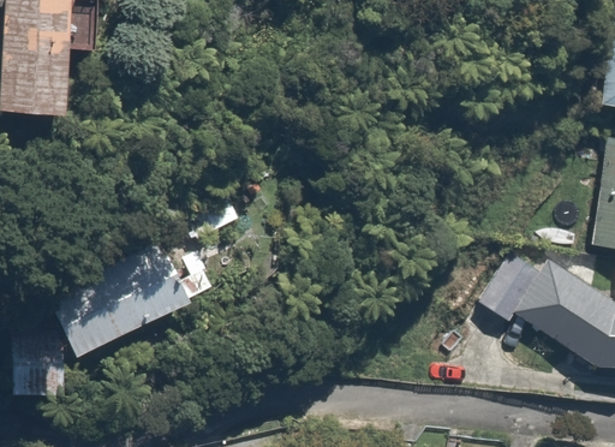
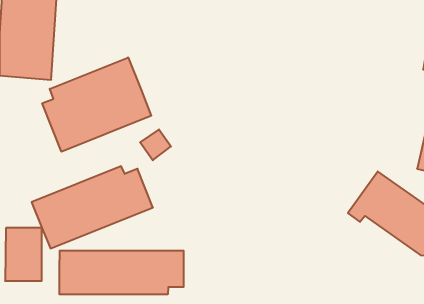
building: none -> [42,57,151,152]
building: none -> [59,251,184,294]

